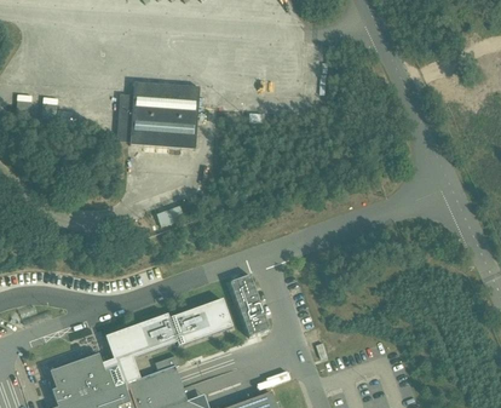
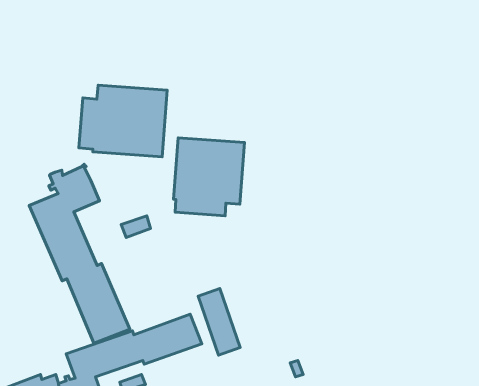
building: none -> [173,138,244,216]
building: none -> [29,164,130,343]

